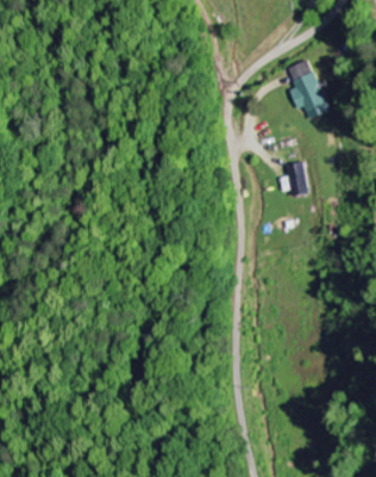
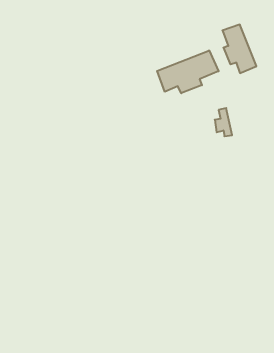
building: none -> [157,50,219,93]

